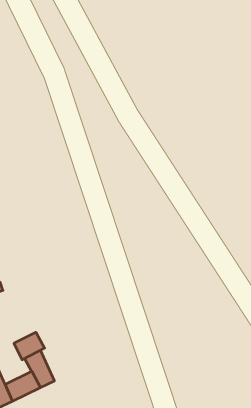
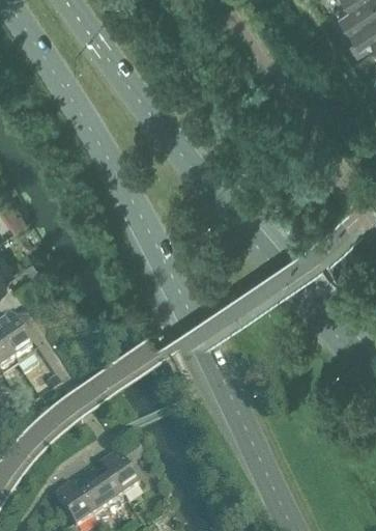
building: [14,332,45,360] -> none

